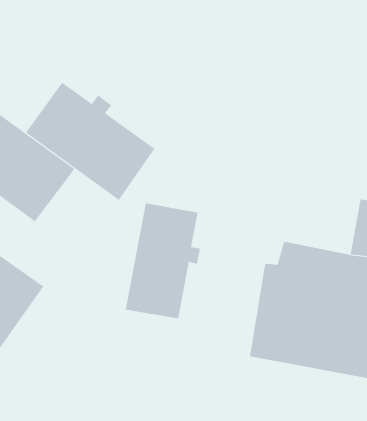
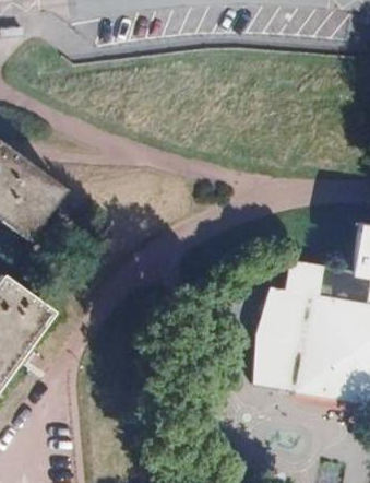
building: [25,82,155,201] -> none
building: [125,203,201,319] -> none

